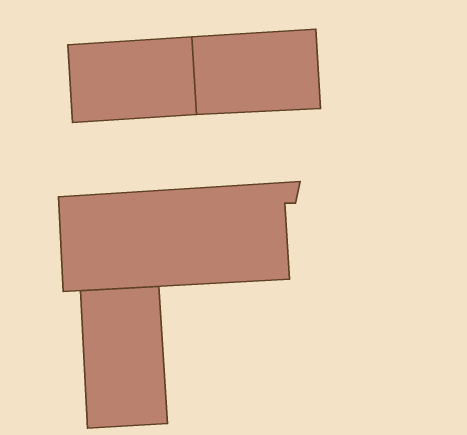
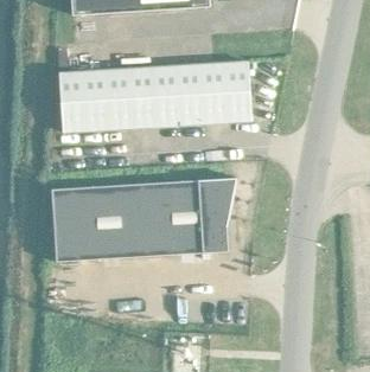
building: [81,286,168,428] -> none

